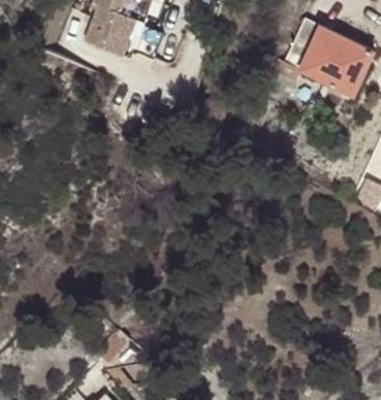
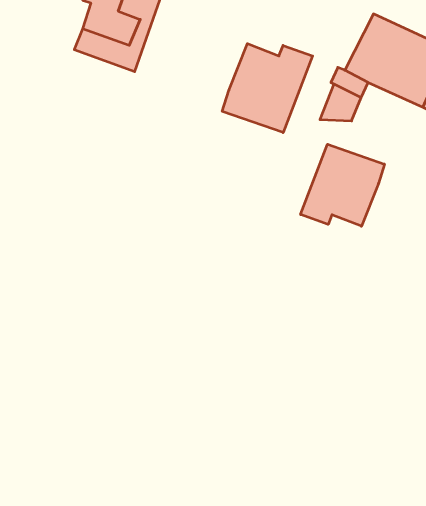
building: none -> [222,44,313,133]
building: none -> [301,144,384,226]

